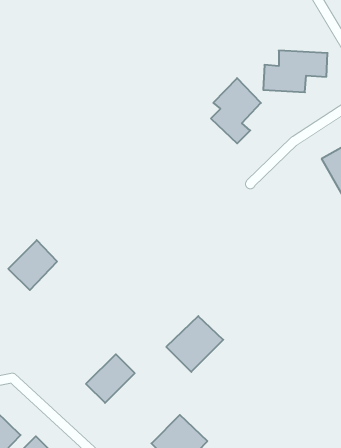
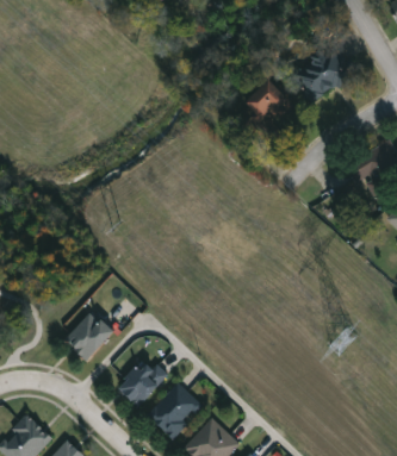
building: [8,240,57,290] -> [64,310,113,360]
building: [166,316,223,372] -> [147,382,204,438]

